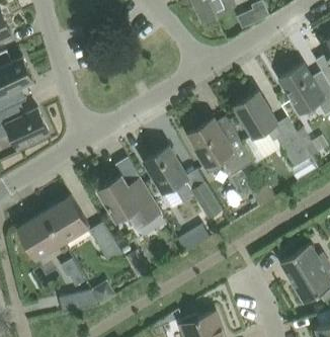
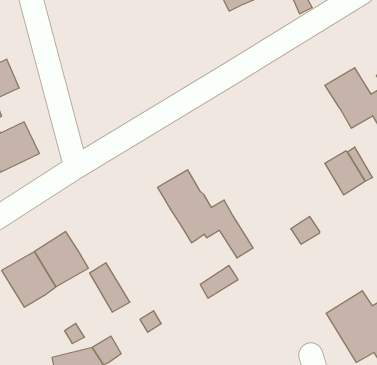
building: [233,92,283,141] -> none
building: [188,119,253,175] -> none
building: [97,175,160,228] -> none

